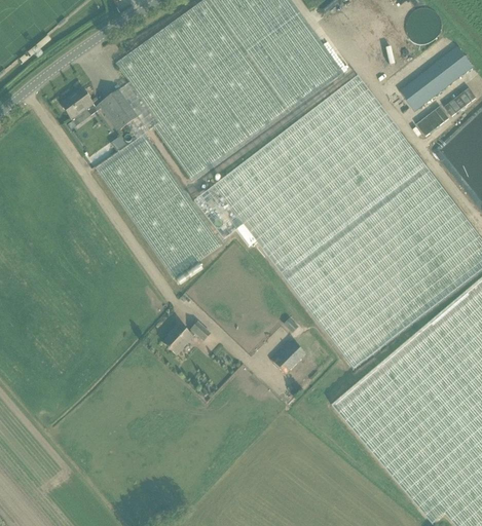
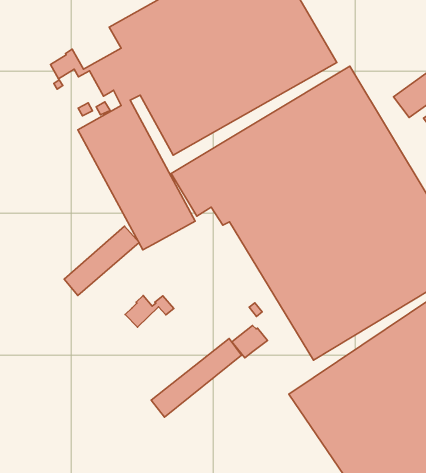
building: none -> [64,226,139,296]
building: none -> [151,338,242,417]

